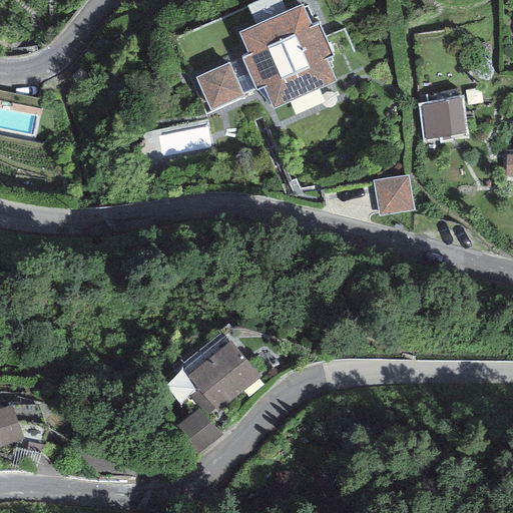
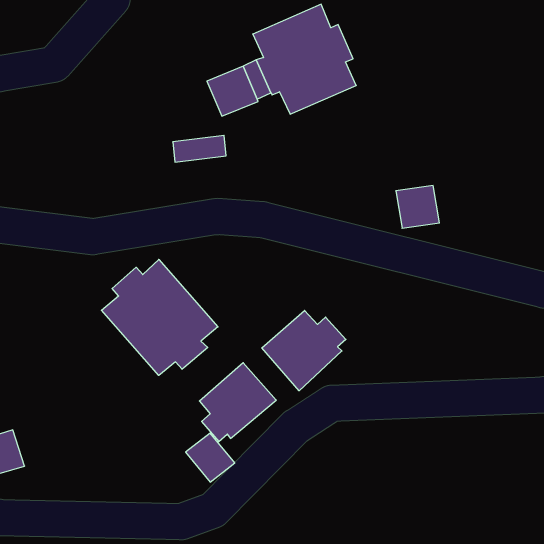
building: [421,97,465,138] -> none
building: none -> [101,259,218,375]
building: none -> [262,310,346,391]

